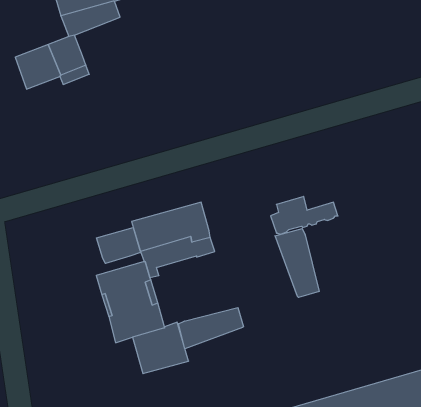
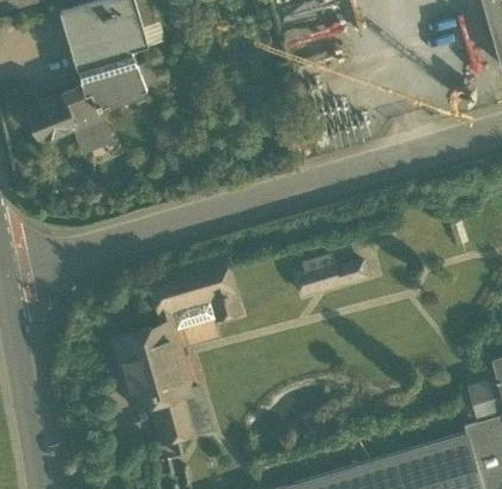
building: none -> [90,68,146,109]
building: [96,227,140,263] -> none
building: [275,229,319,297] -> none
building: [178,308,243,349] -> none

